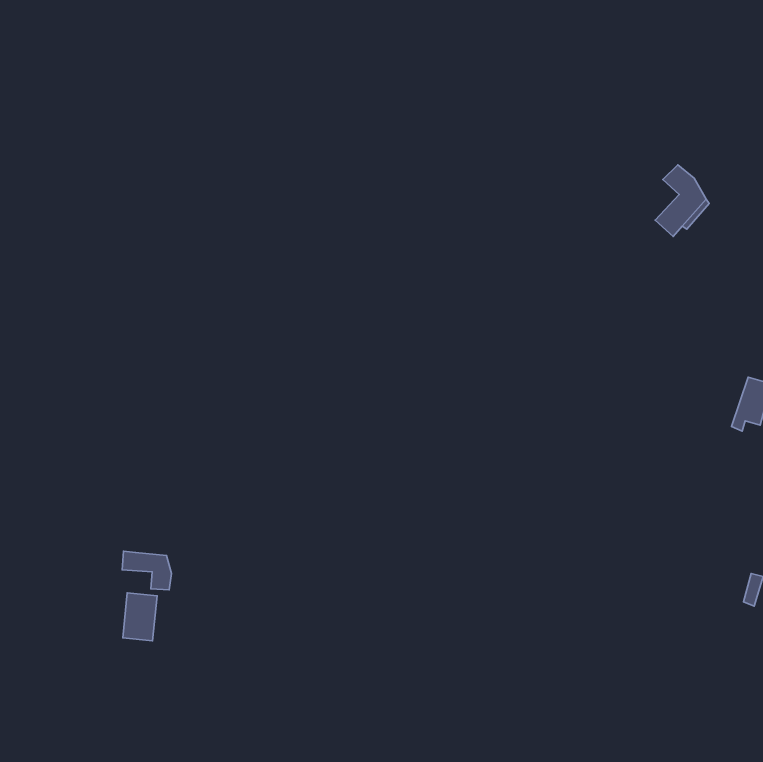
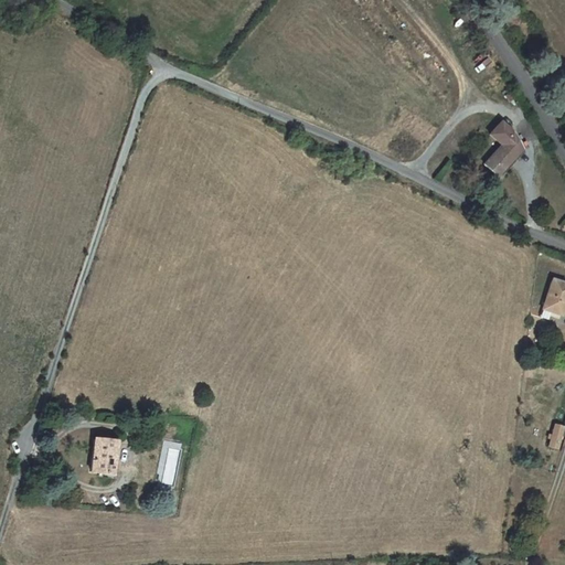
building: [122,551,171,590] -> none

